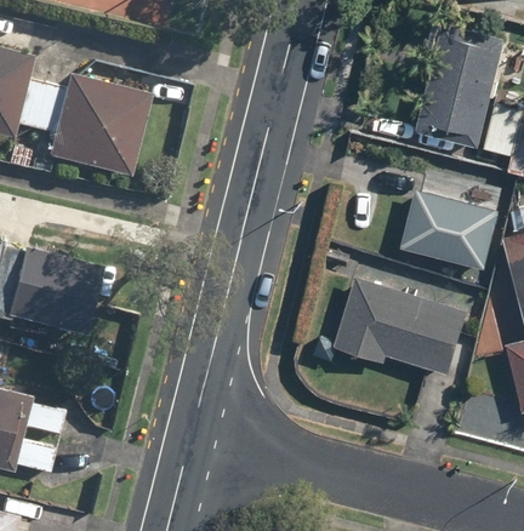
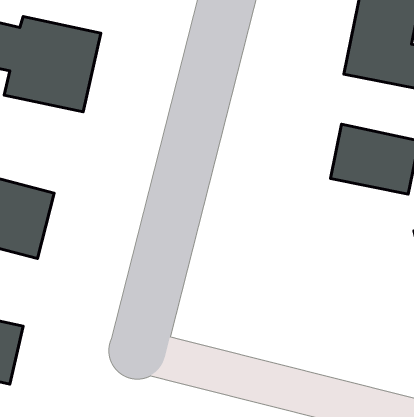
building: [334,278,467,371] -> none

